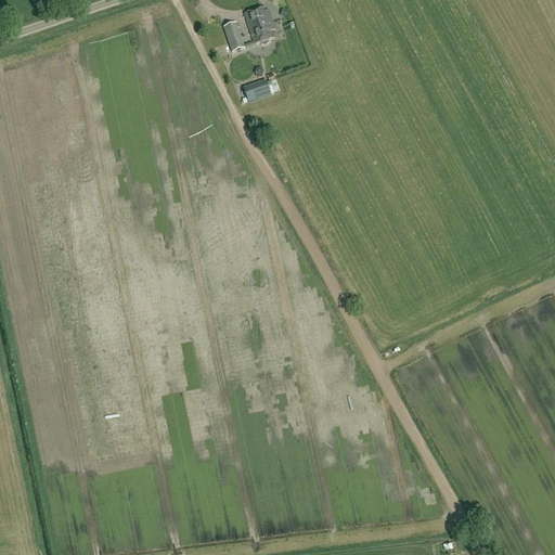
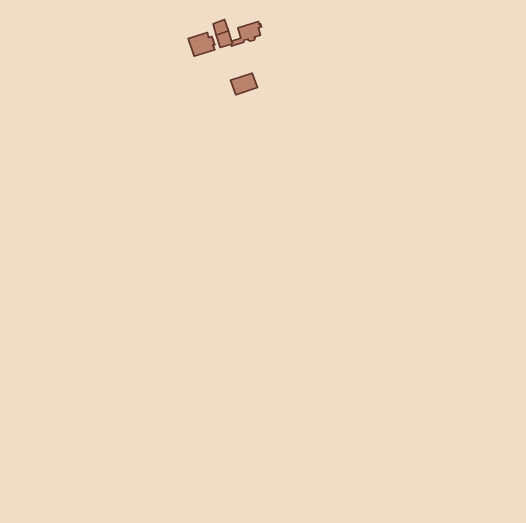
building: [244,4,272,29] -> [188,32,215,56]

